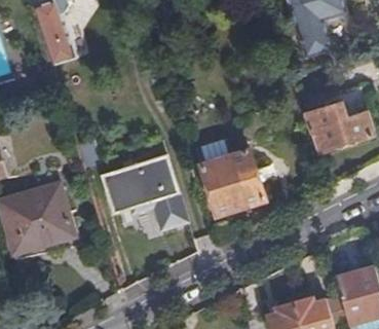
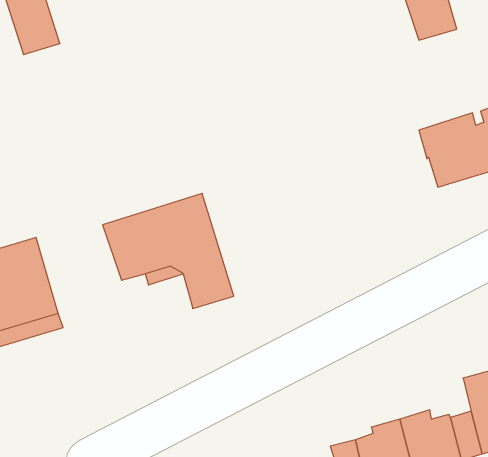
building: [200,149,264,216] -> none

